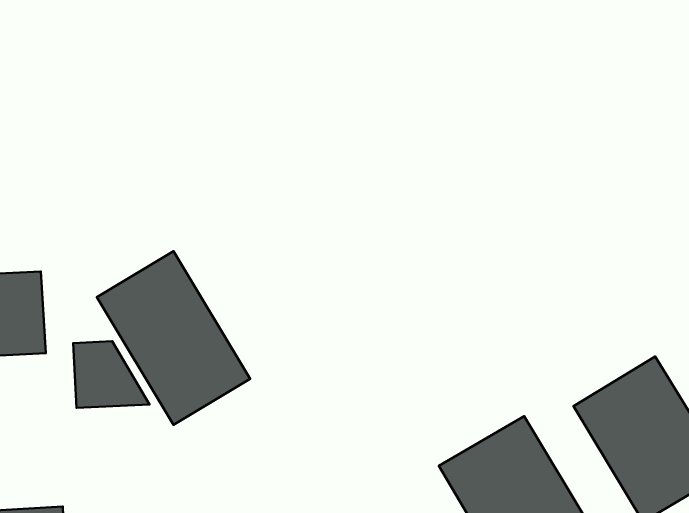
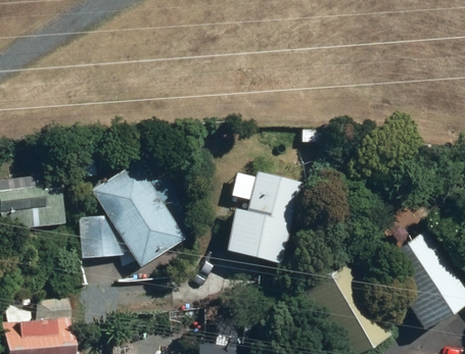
building: none -> [227,173,303,265]

